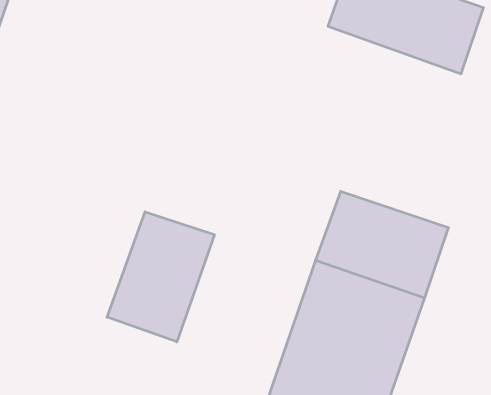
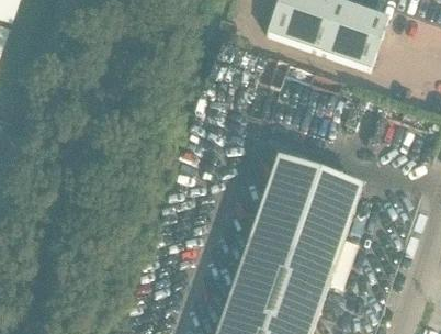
building: [107,212,214,342] -> none

